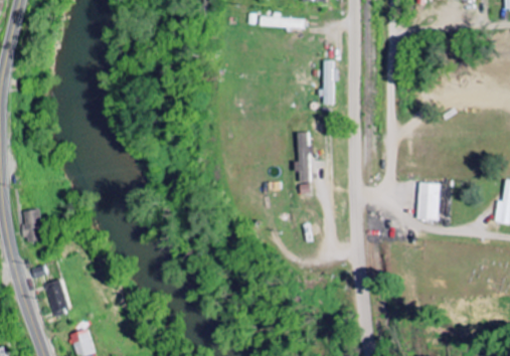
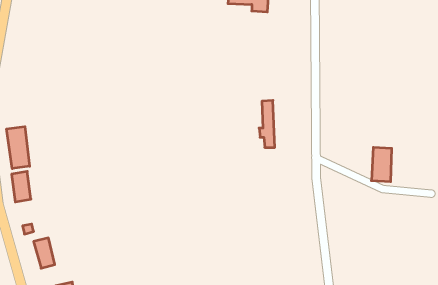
building: [322,60,338,105] -> none
building: none -> [7,127,30,169]

